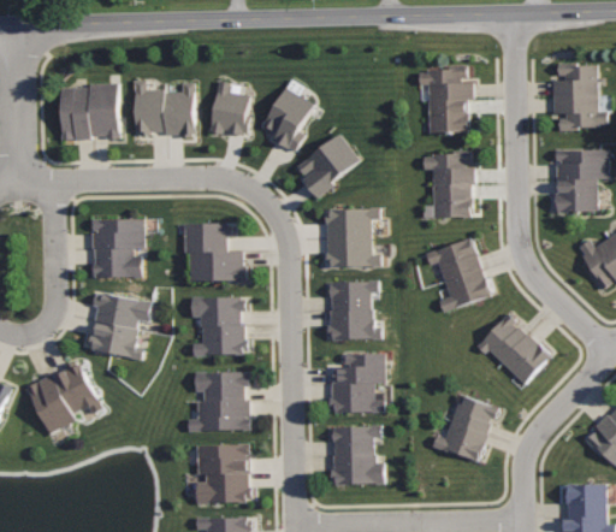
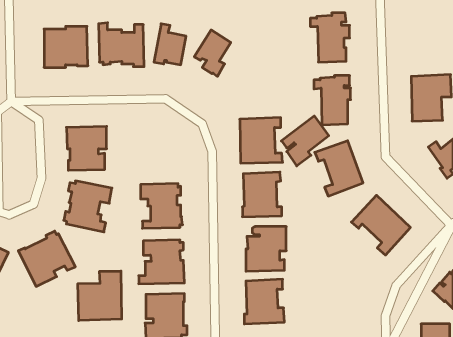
building: [551,63,605,130] -> none
building: [295,132,359,200] -> [281,116,329,166]
building: [184,223,244,280] -> none
building: [432,396,497,461] -> none
building: none -> [78,271,122,321]

